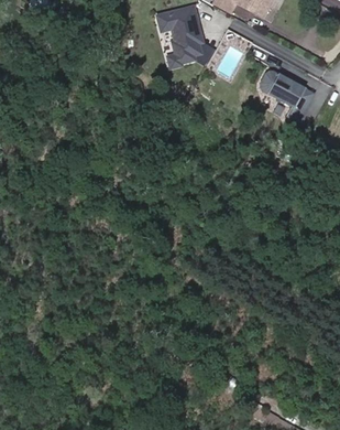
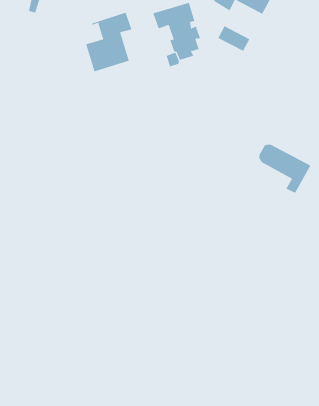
building: none -> [85,12,132,72]
building: [259,71,310,119] -> [258,144,311,193]

